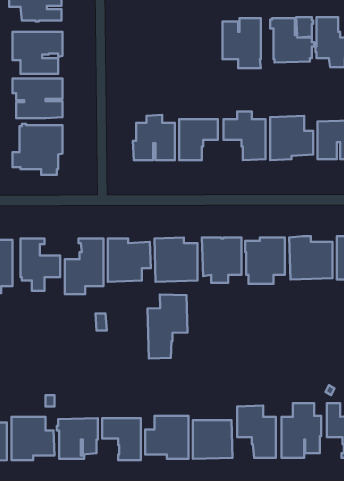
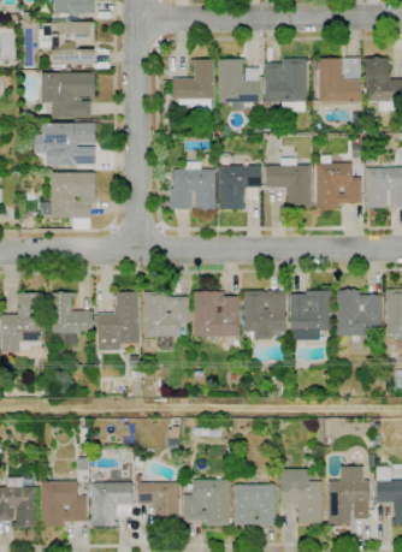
building: none -> [219,59,260,112]
building: none -> [172,60,214,112]
building: [147,294,187,358] -> none

